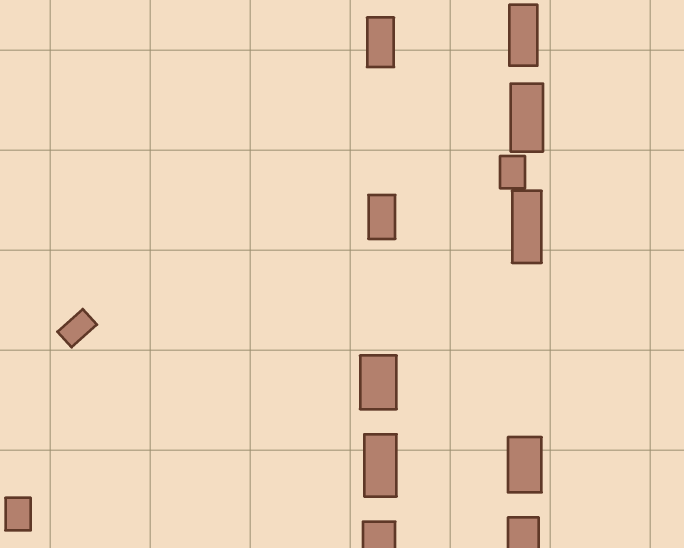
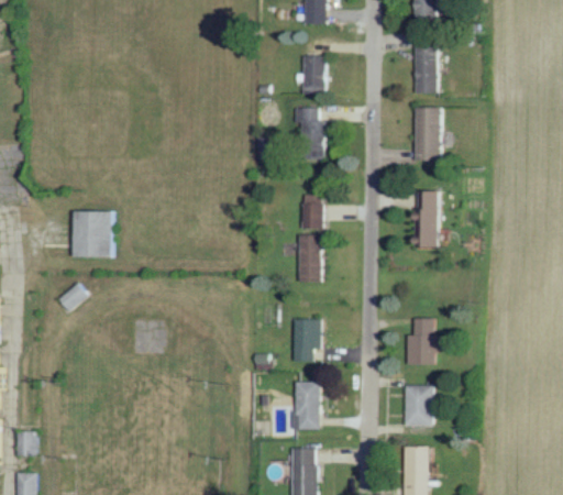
building: none -> [294,106,320,157]
building: [500,156,525,188] -> none
building: none -> [73,210,111,257]
building: none -> [299,234,320,282]
building: none -> [410,318,439,365]

